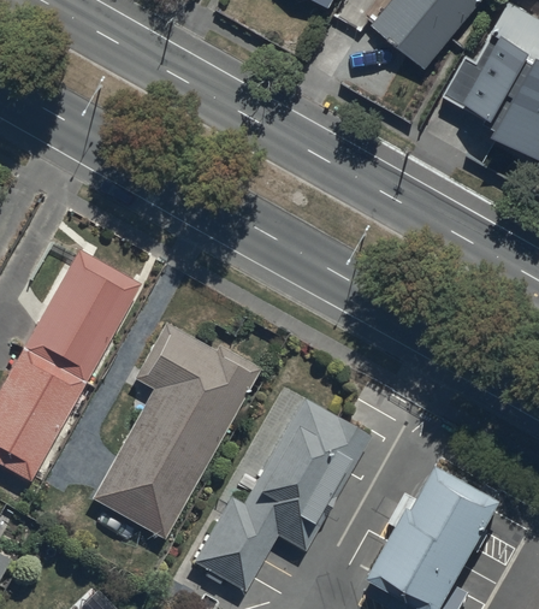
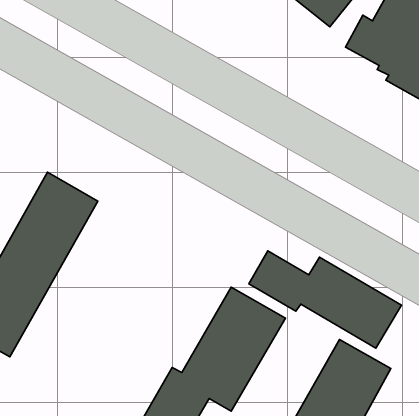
building: [91,325,257,540] -> none
building: none -> [249,251,402,348]

